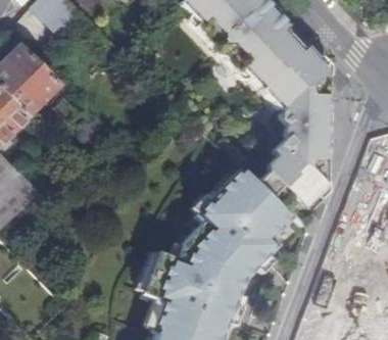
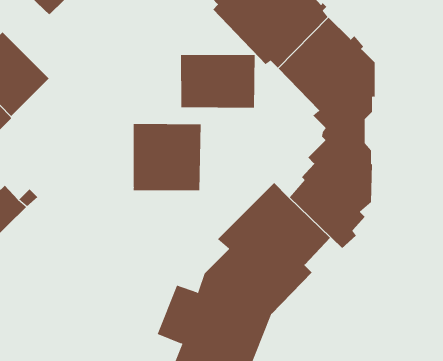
building: none -> [181,54,255,109]
building: none -> [133,123,201,191]

